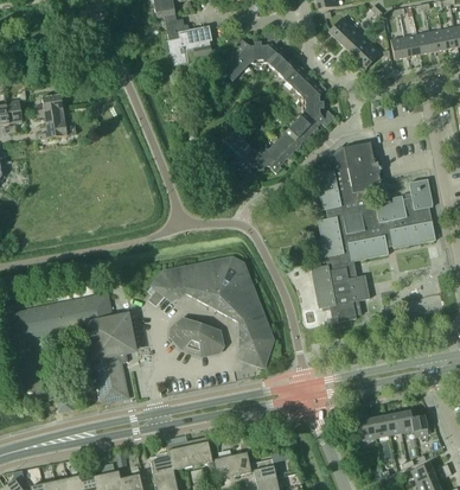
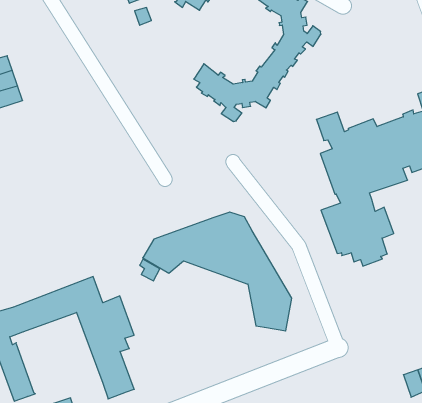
building: [314,141,381,204] -> none
building: [168,317,223,356] -> none

